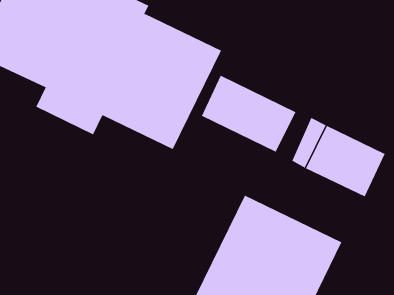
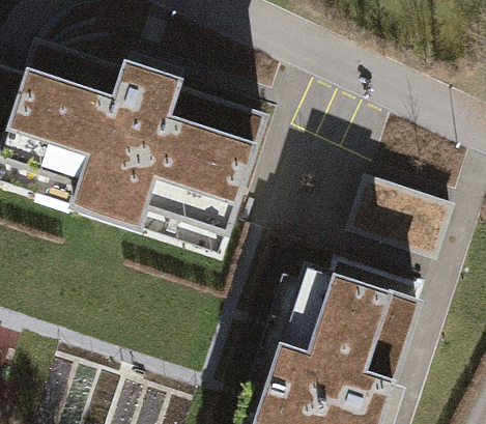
building: [201,75,296,152] -> none

